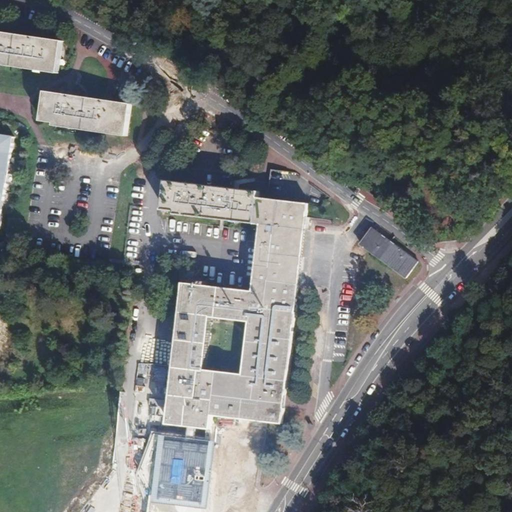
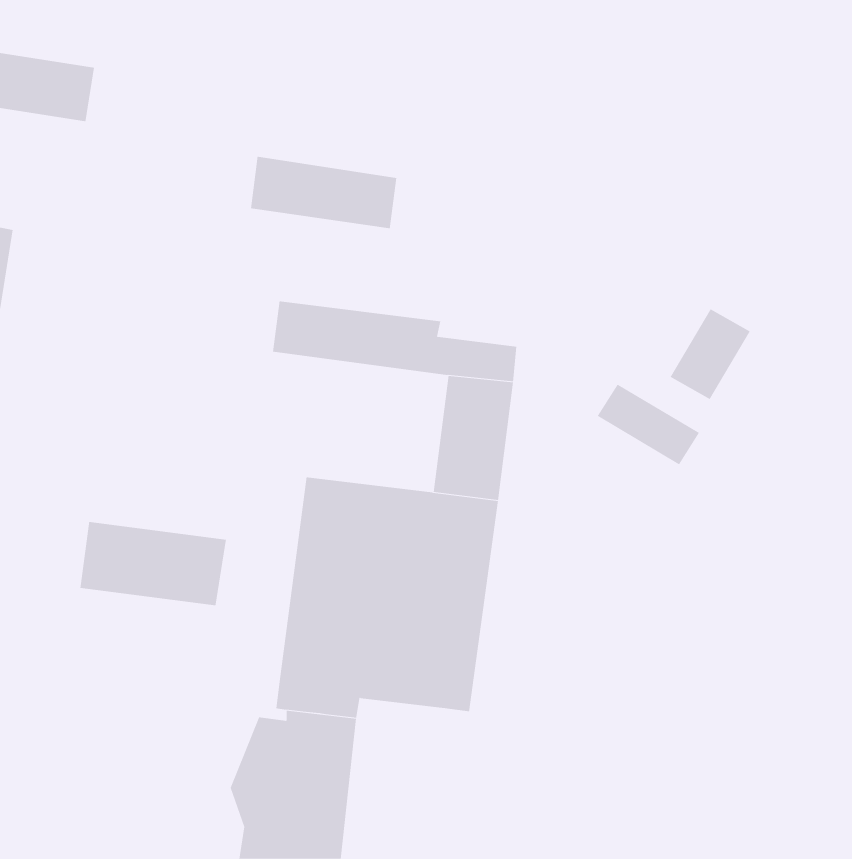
building: [35,89,122,132] -> [250,156,397,229]
building: none -> [670,308,751,400]
building: none -> [80,521,227,606]

